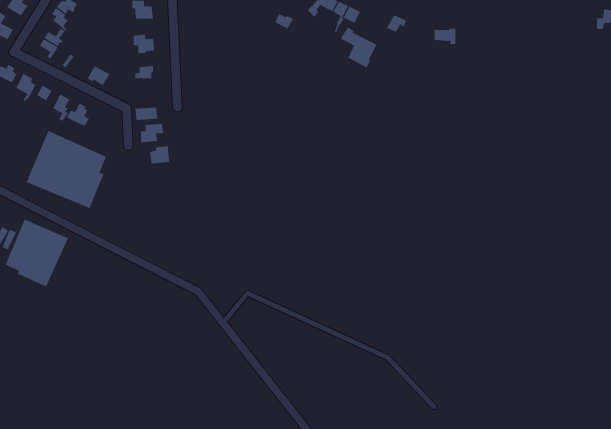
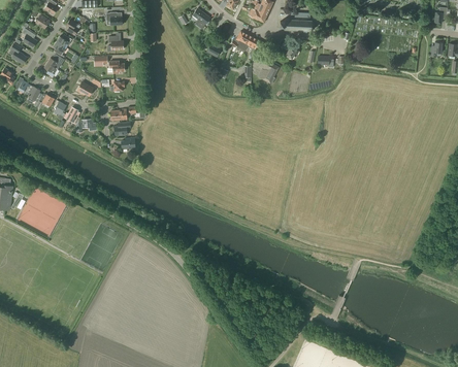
building: [26,130,107,209] -> none

